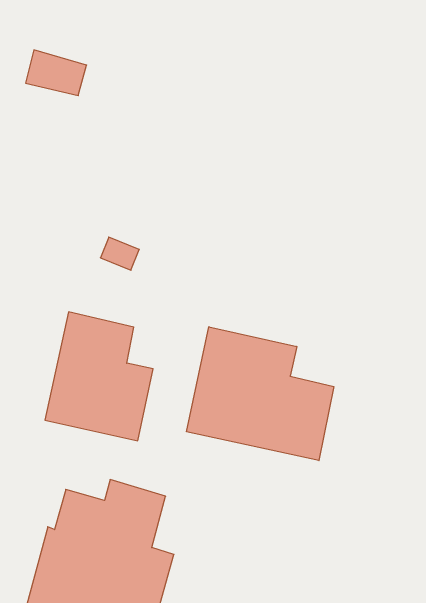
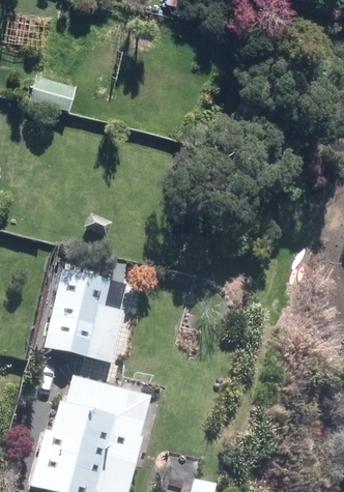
building: [187,327,334,461] -> none

